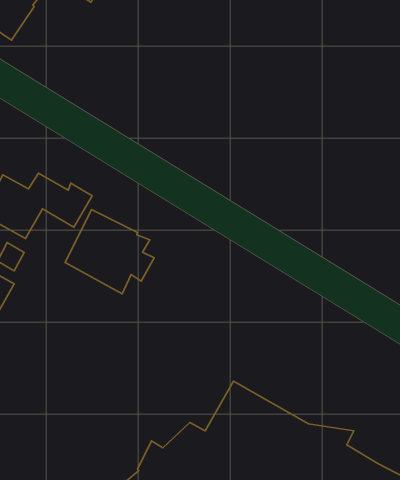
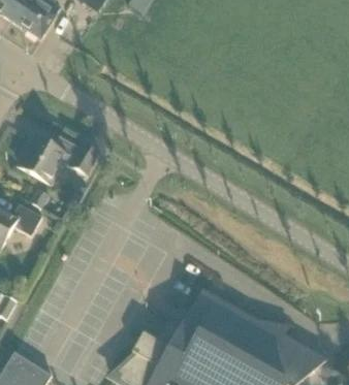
building: [65,209,154,294] -> none

